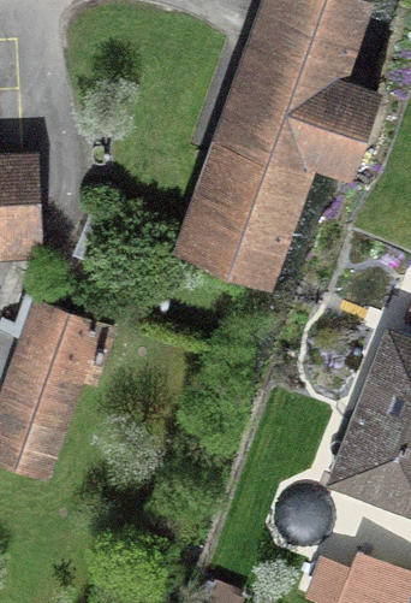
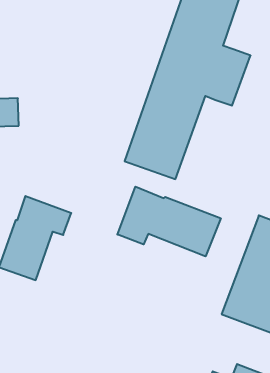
building: none -> [117,187,221,256]

